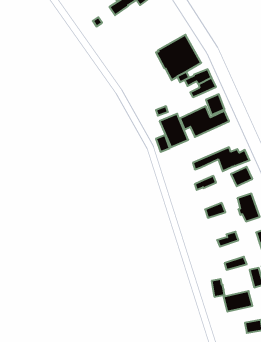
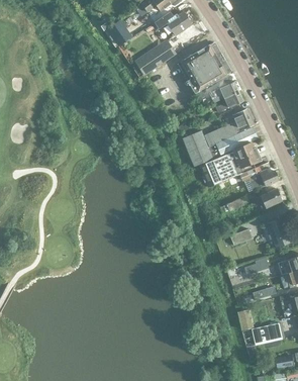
building: none -> [158,10,193,35]
building: none -> [135,39,176,75]
building: none -> [199,141,259,187]

